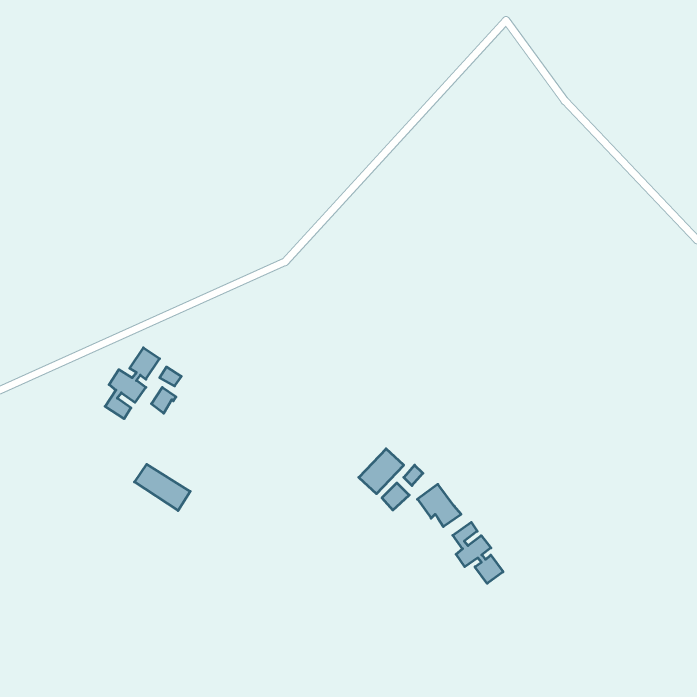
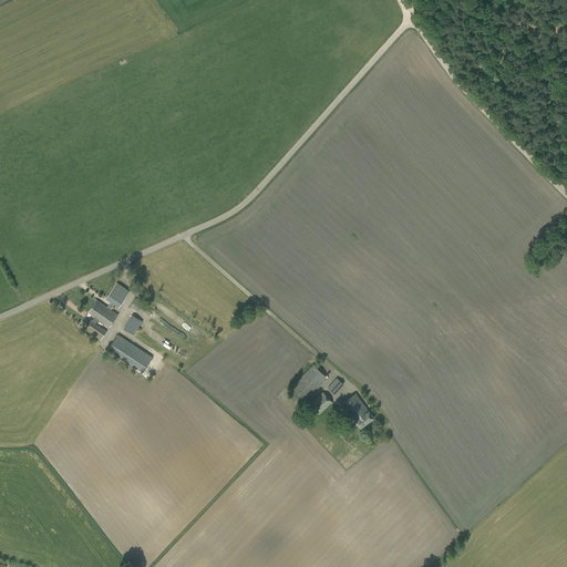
building: [134,464,190,511] -> [107,334,153,372]
building: [453,522,503,583] -> none

